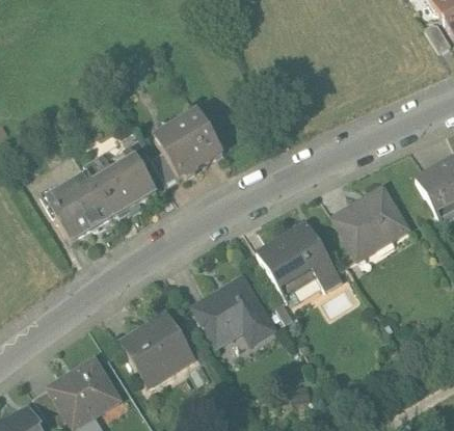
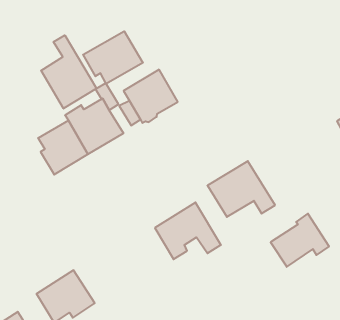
building: none -> [83,31,143,84]
building: none -> [41,35,96,109]
building: [338,186,409,251] -> [271,214,329,267]
building: [122,313,194,377] -> none

